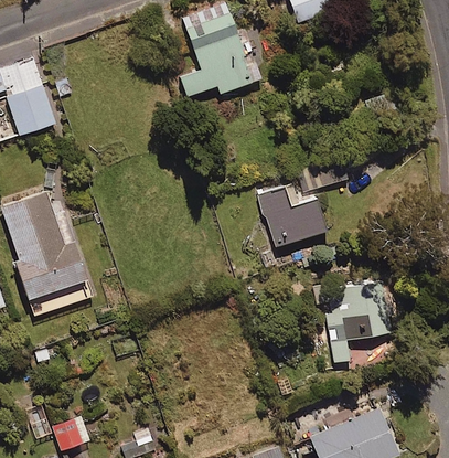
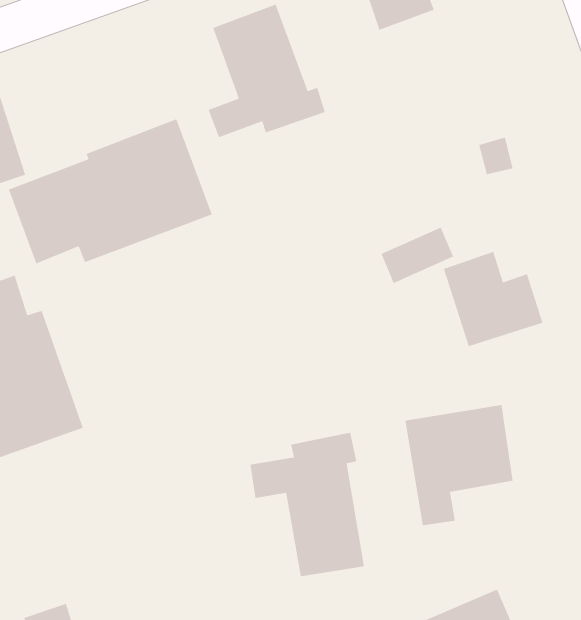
building: none -> [8,118,213,265]
building: [257,184,327,251] -> [443,251,544,347]
building: none -> [250,432,365,577]

